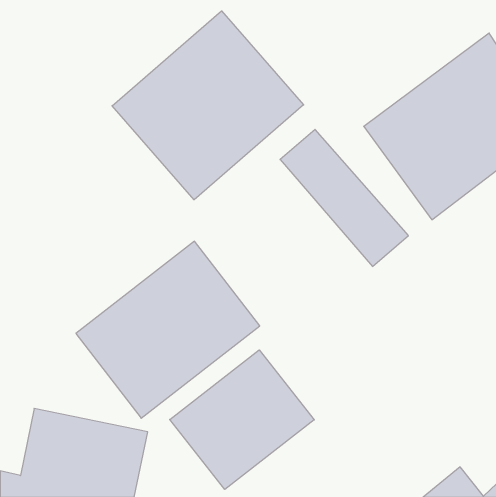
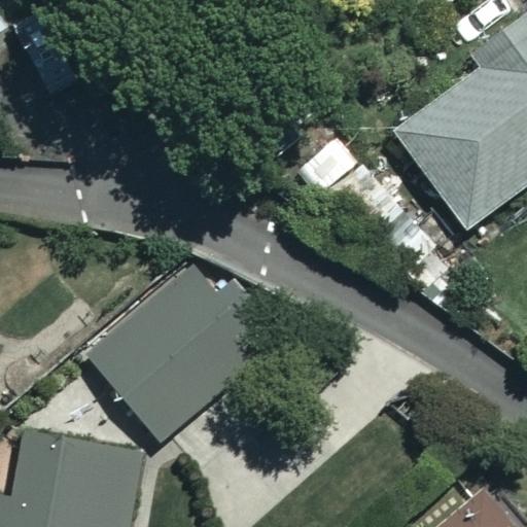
building: [112,11,304,200] -> none
building: [170,350,314,489] -> none

